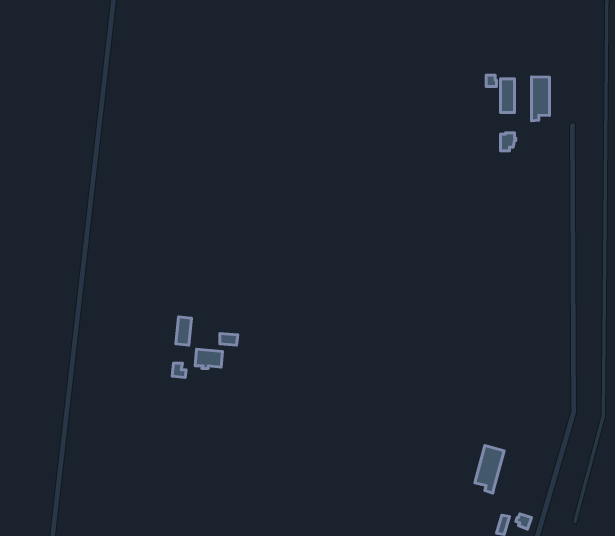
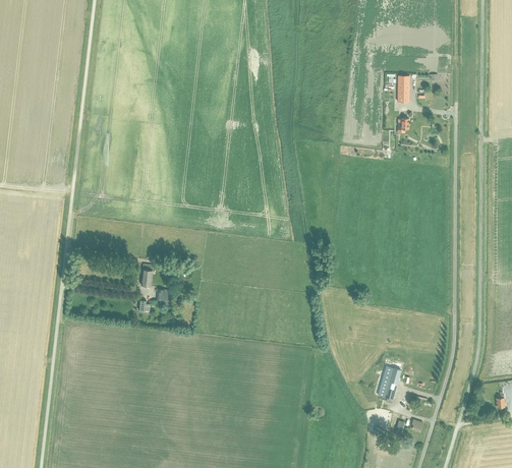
building: [531,77,549,121] -> none

